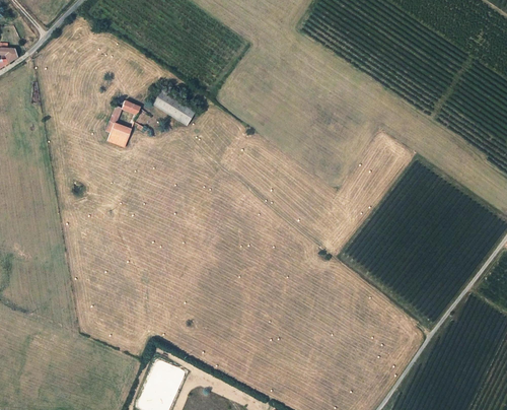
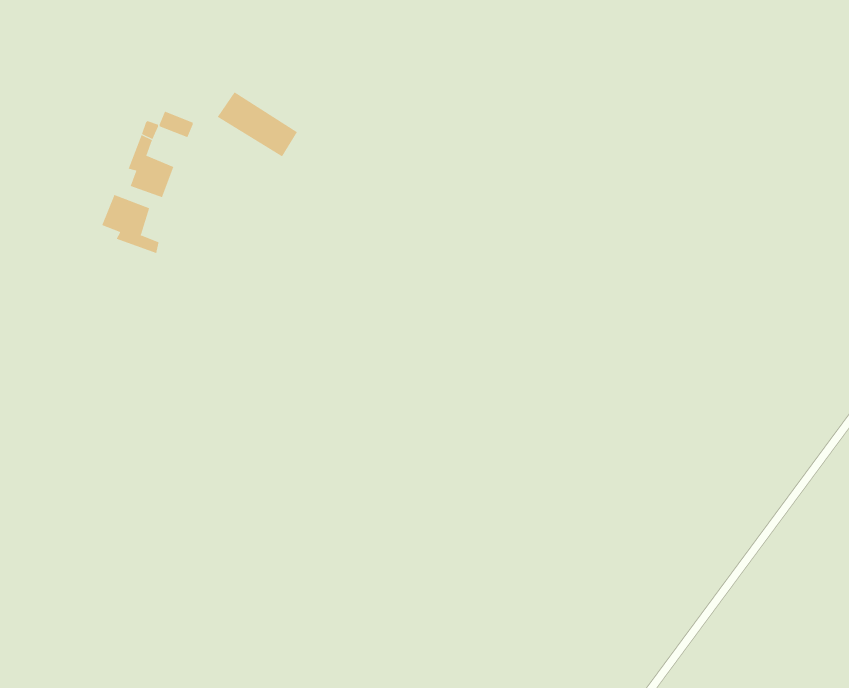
building: none -> [101,194,159,254]

